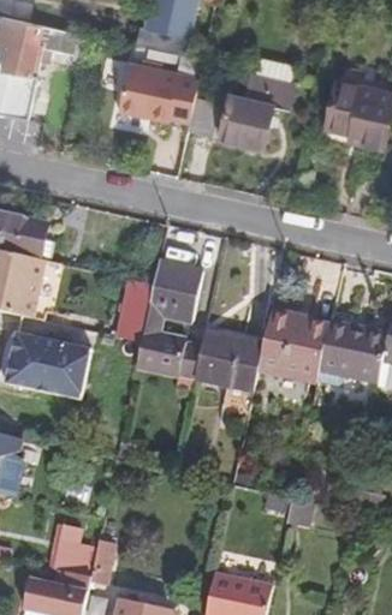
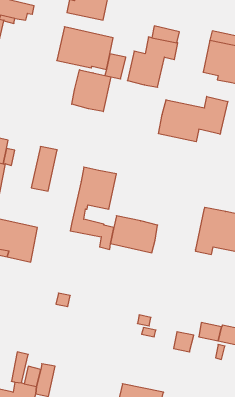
building: none -> [72,70,111,112]
building: none -> [159,96,228,142]
building: [115,279,153,342] -> [31,147,57,191]
building: [259,310,328,381] -> none

